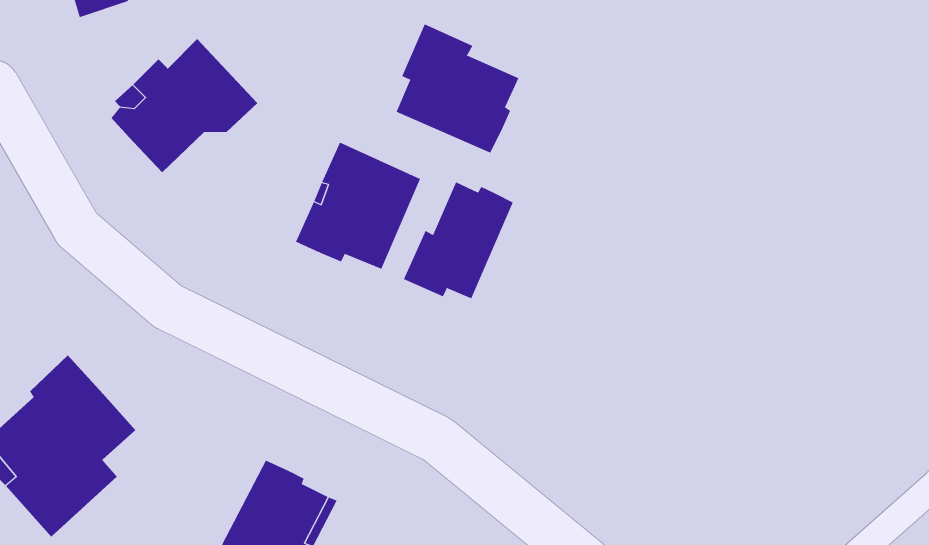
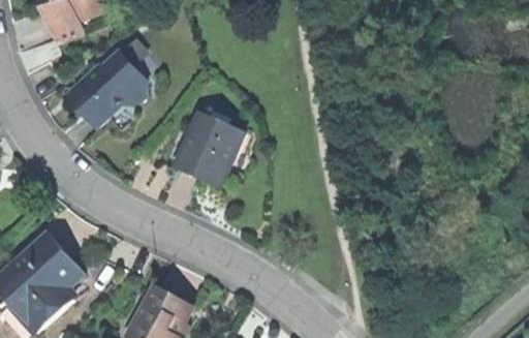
building: [396,23,519,153] -> none
building: [403,182,514,299] -> none

